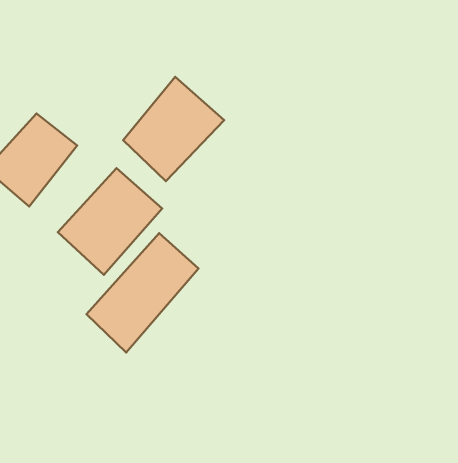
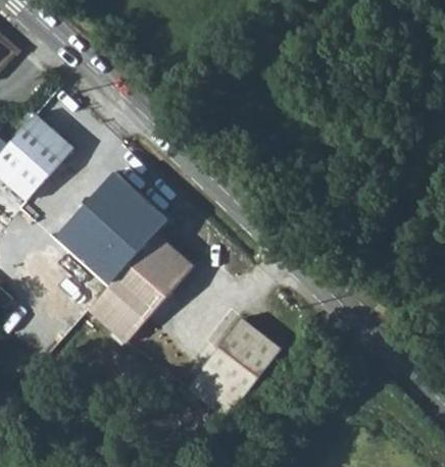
building: [123,77,224,181] -> none
building: none -> [188,315,281,415]

